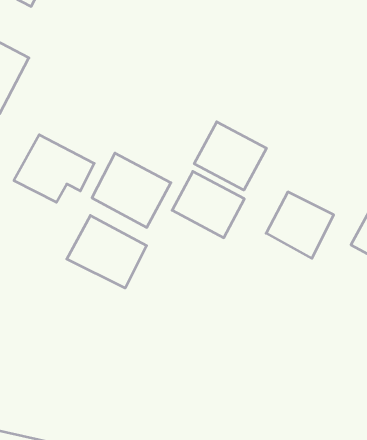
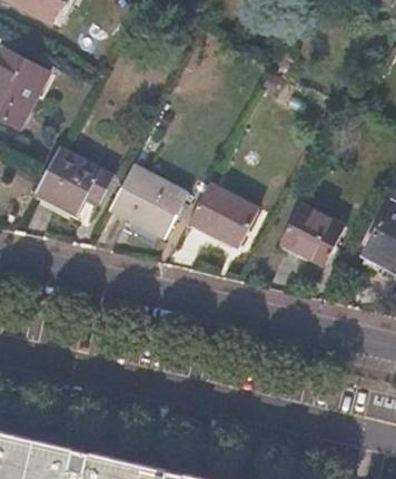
building: [194,122,266,190] -> none
building: [67,215,147,288] -> none

